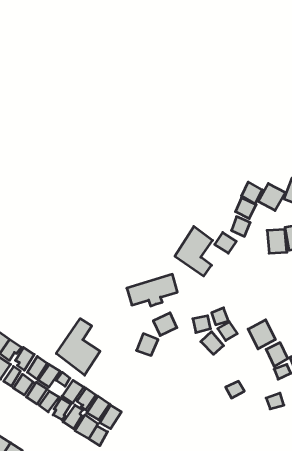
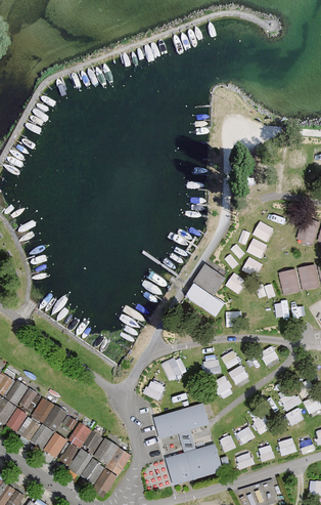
building: [258,183,285,211] -> none
building: [127,274,177,306] -> [154,406,207,438]
building: [56,319,100,375] -> none
building: [248,320,275,349] -> none
building: none -> [167,446,220,485]

